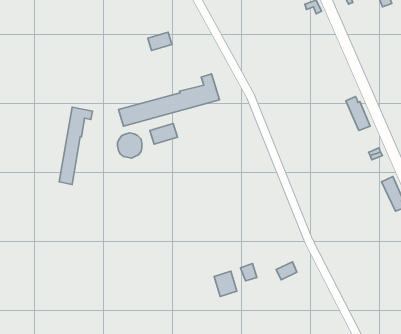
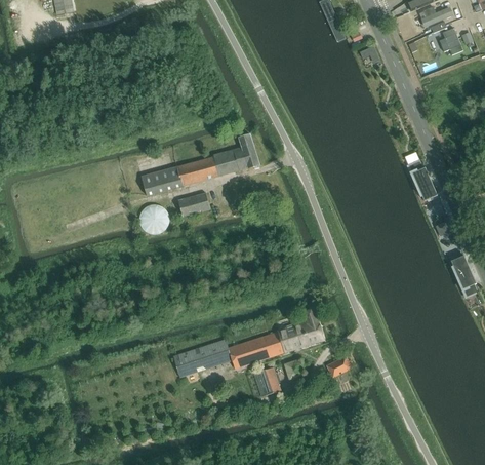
building: [148,32,172,51] -> none
building: [59,107,93,185] -> none
building: none -> [172,308,324,377]

